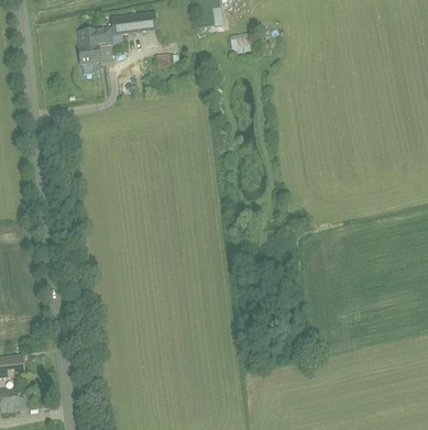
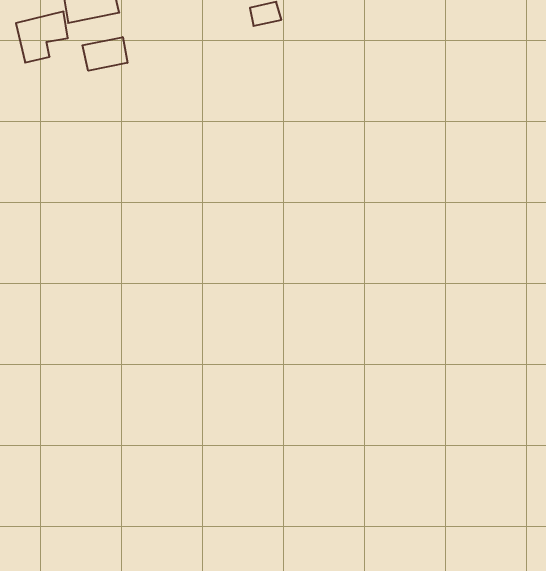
building: none -> [82,37,127,71]

